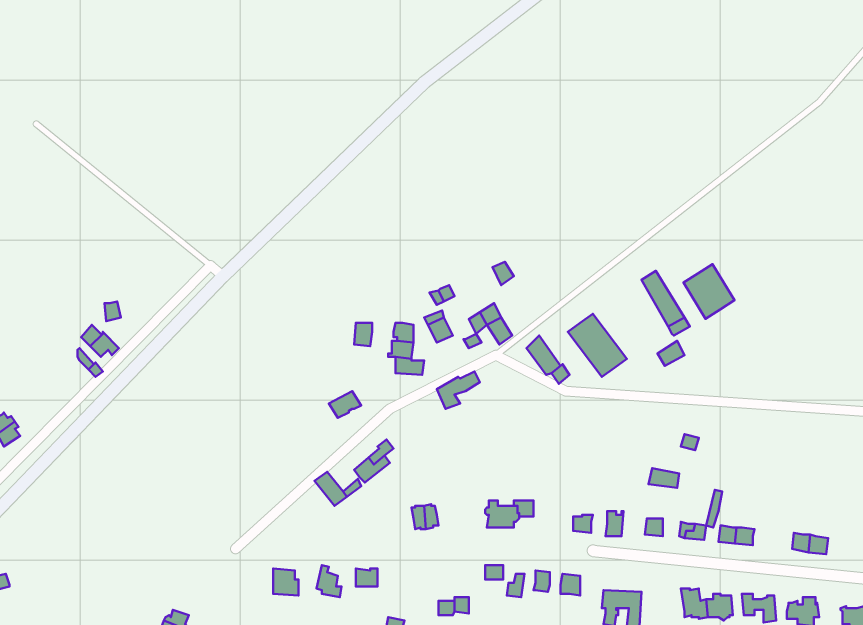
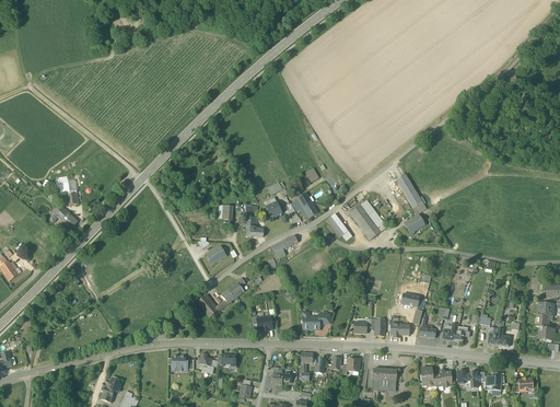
building: [683,264,735,319] -> none

